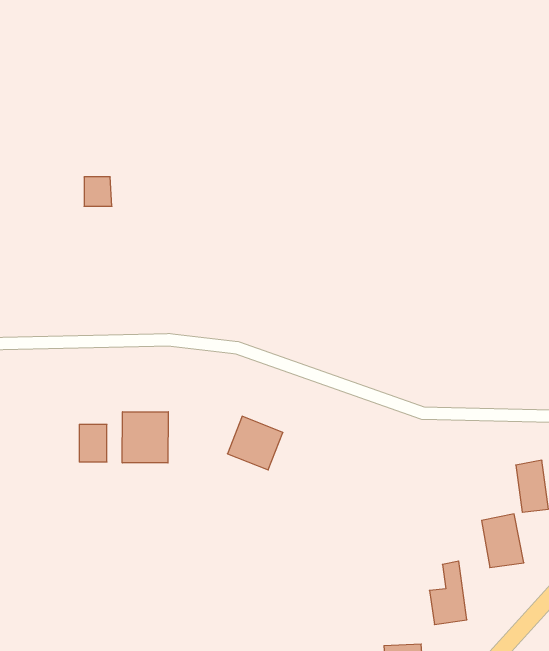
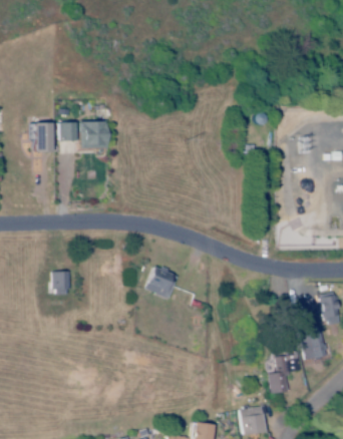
building: none -> [77,119,104,146]
building: none -> [31,120,49,149]
building: [122,412,168,463] -> none

